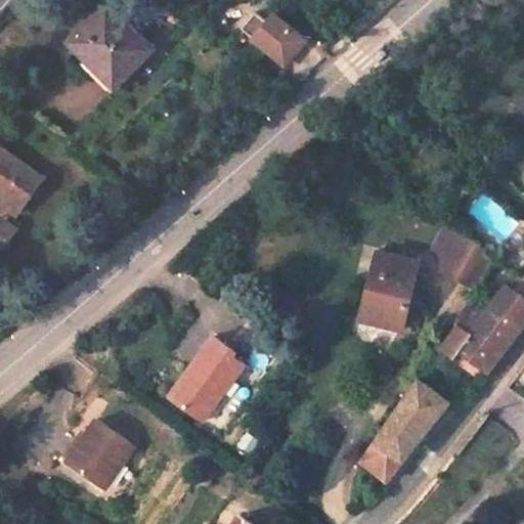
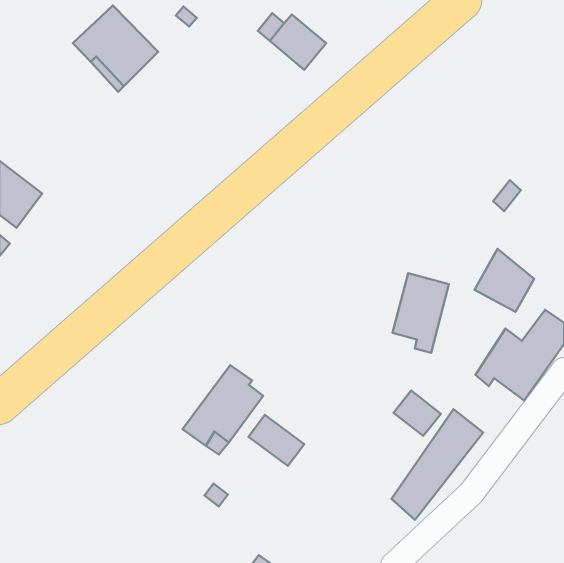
building: none -> [394,391,441,436]
building: none -> [249,415,304,466]
building: [68,420,135,488] -> none

